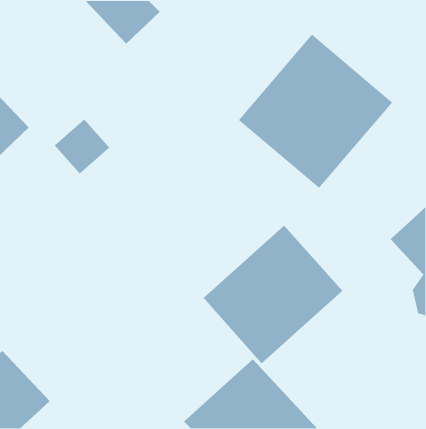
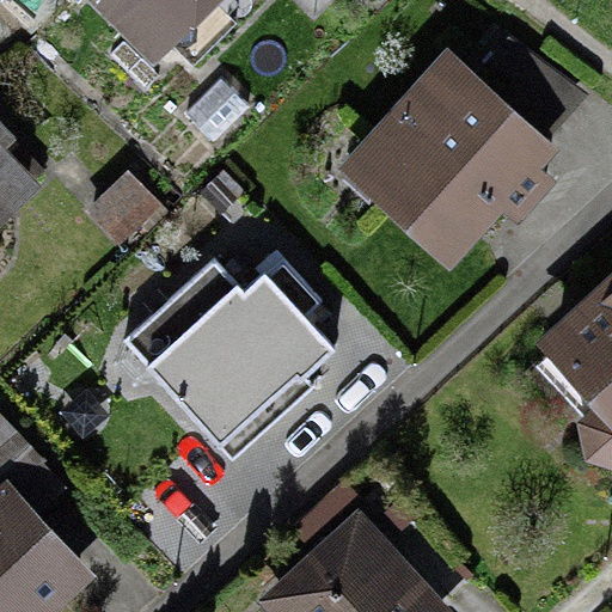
building: none -> [123,259,337,457]
building: [203,225,343,364] -> none

